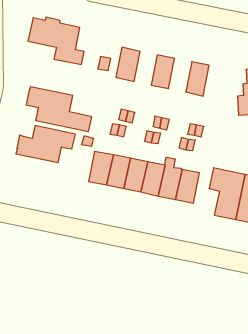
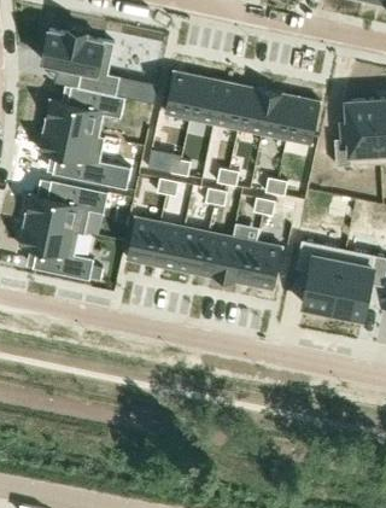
building: none -> [189,77,222,124]
building: none -> [45,87,124,139]
building: none -> [238,87,270,134]
building: none -> [286,97,320,145]
building: none -> [18,221,103,281]

